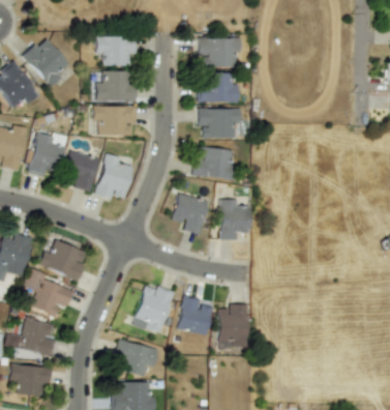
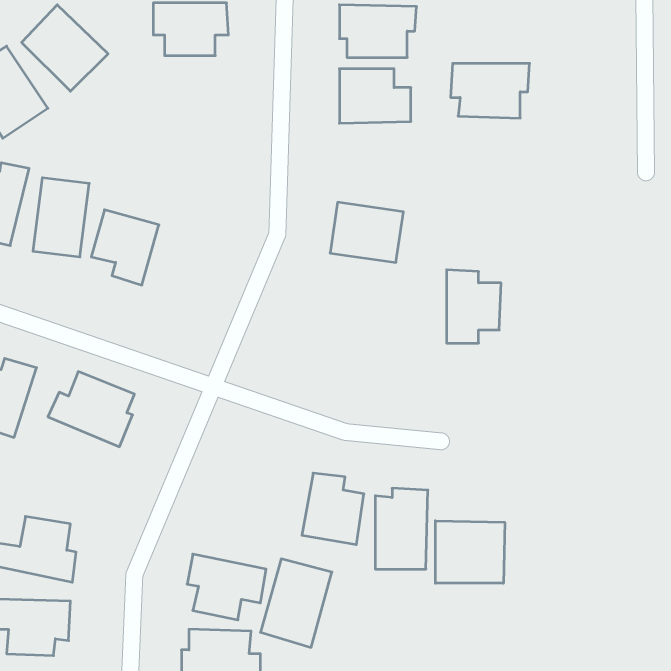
building: [96,70,137,100] -> none
building: [94,105,136,136] -> none
building: [198,108,241,138] -> [451,63,530,118]
building: [96,153,131,200] -> none
building: [172,193,209,234] -> none
building: [220,199,250,239] -> [447,270,501,343]
building: [22,267,73,316] -> none
building: [133,284,173,332] -> [260,559,332,647]
building: none -> [435,521,505,583]

